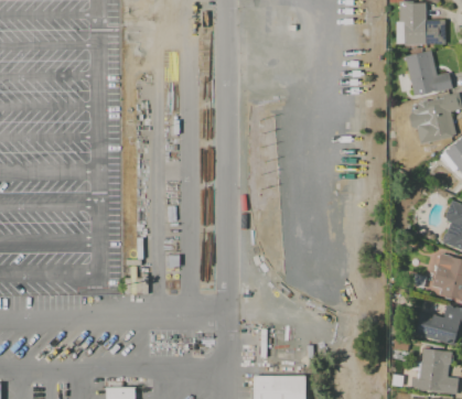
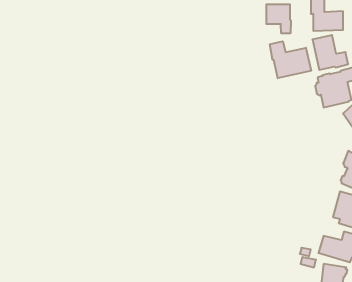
building: none -> [266,4,291,33]
building: none -> [270,41,311,78]

